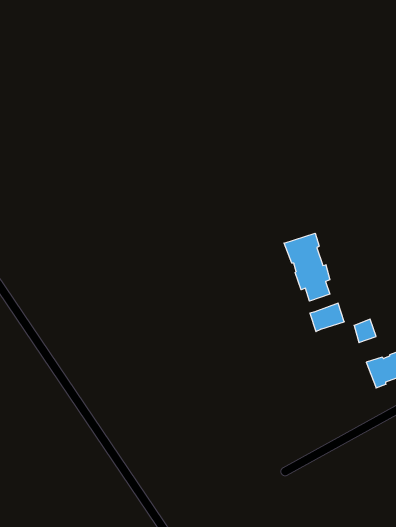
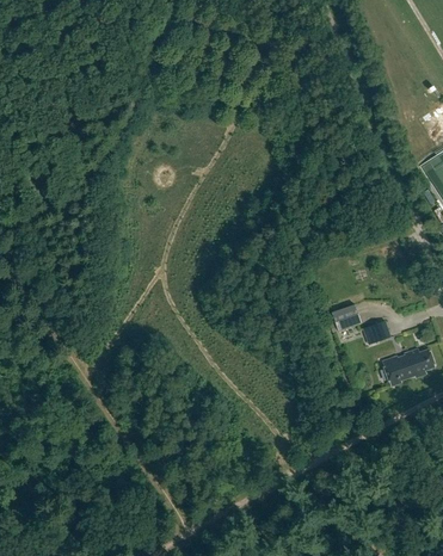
building: [284,233,330,301] -> none

